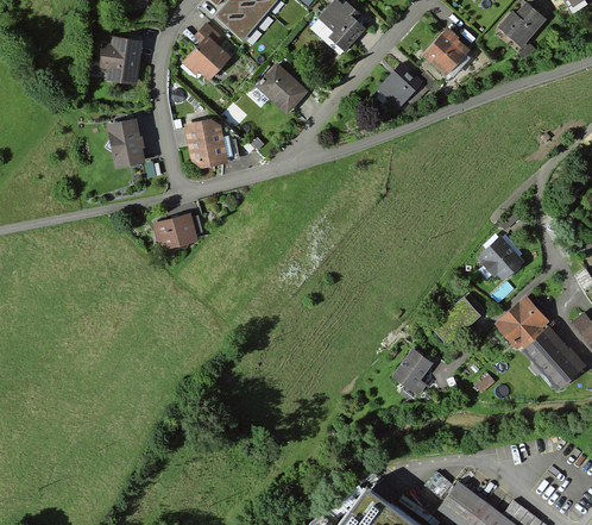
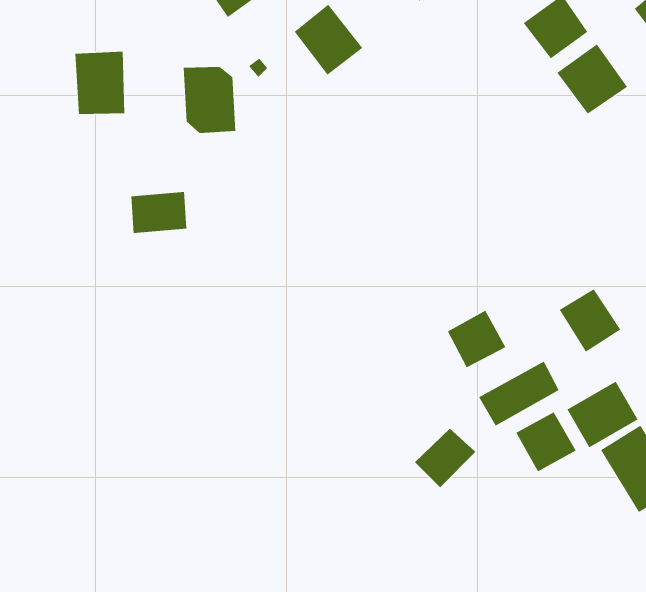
building: none -> [557,43,628,114]
building: [372,62,420,111] -> none
building: none -> [447,310,506,368]
building: none -> [515,411,576,472]

